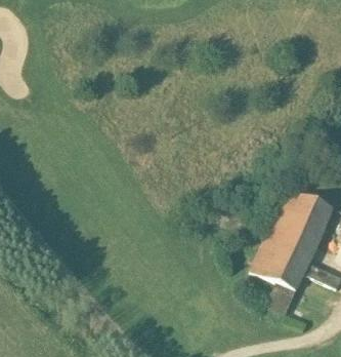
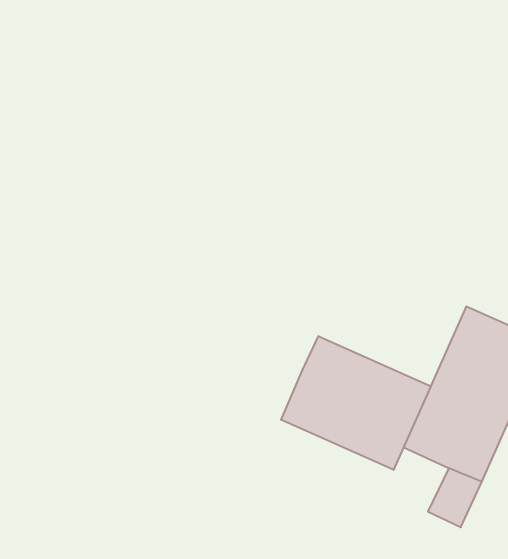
building: none -> [281,336,431,470]

